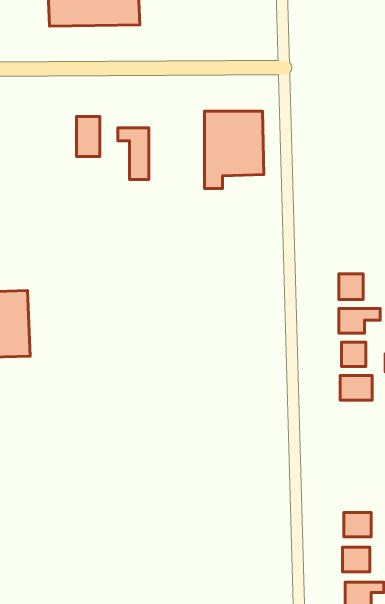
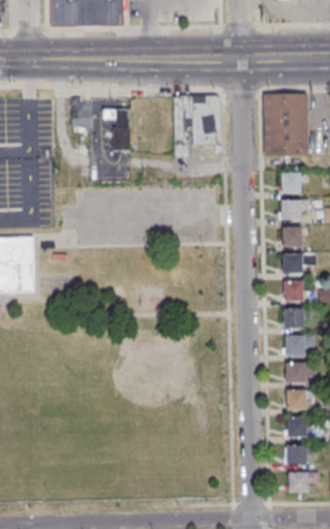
building: none -> [262,93,307,155]
building: none -> [280,172,304,192]
building: none -> [279,198,307,219]
building: none -> [283,334,312,354]
building: none -> [283,362,305,381]
building: none -> [286,388,305,409]

